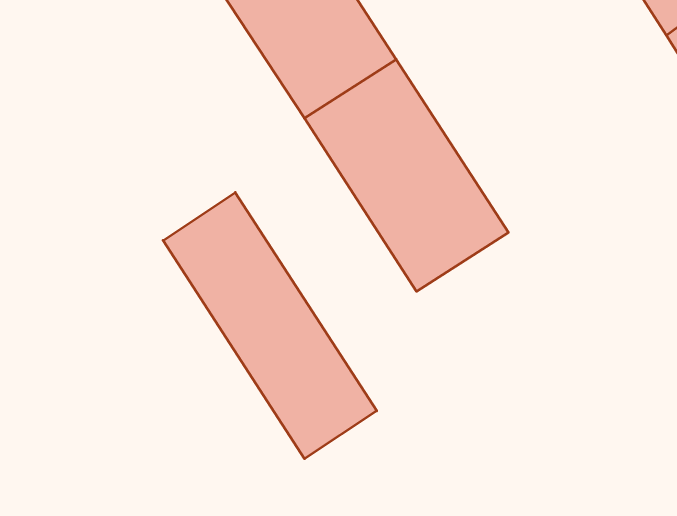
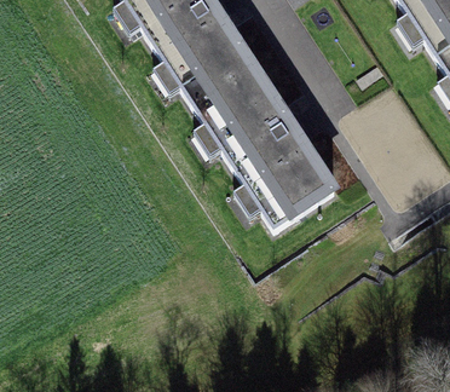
building: [163,192,377,459] -> none

